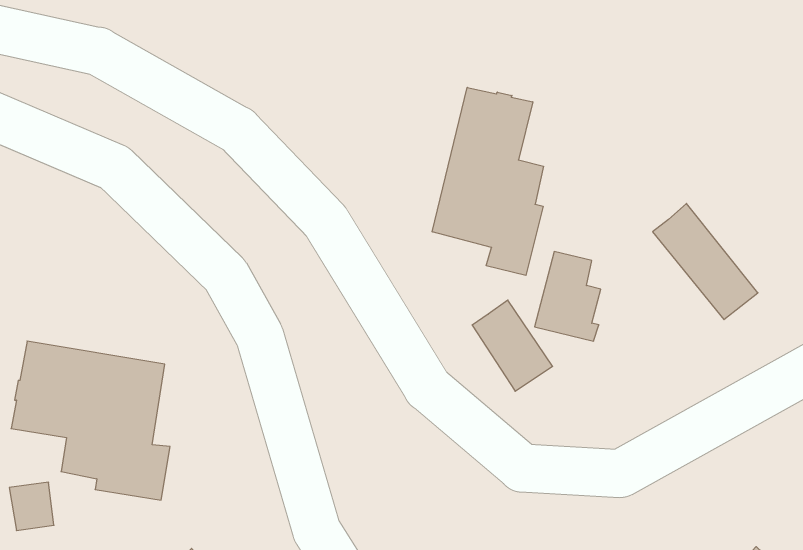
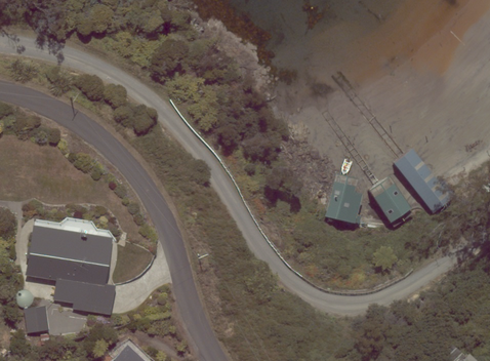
building: [432,87,543,275] -> none
building: [472,300,553,391] -> [369,175,415,228]

